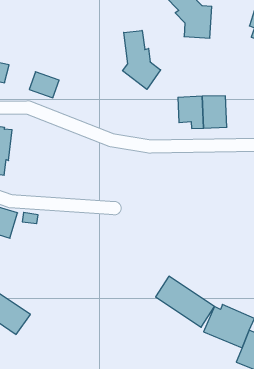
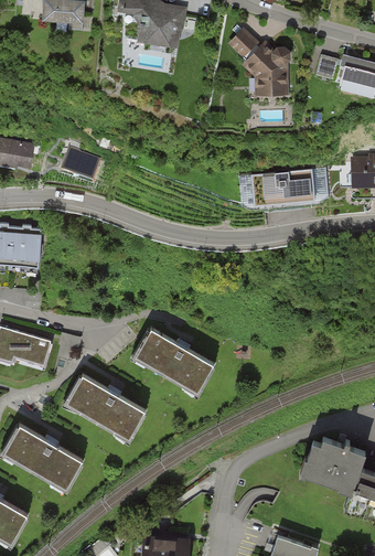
building: [123,30,161,89] -> none
building: none -> [66,377,142,439]
building: [156,276,215,327] -> [135,328,211,391]

